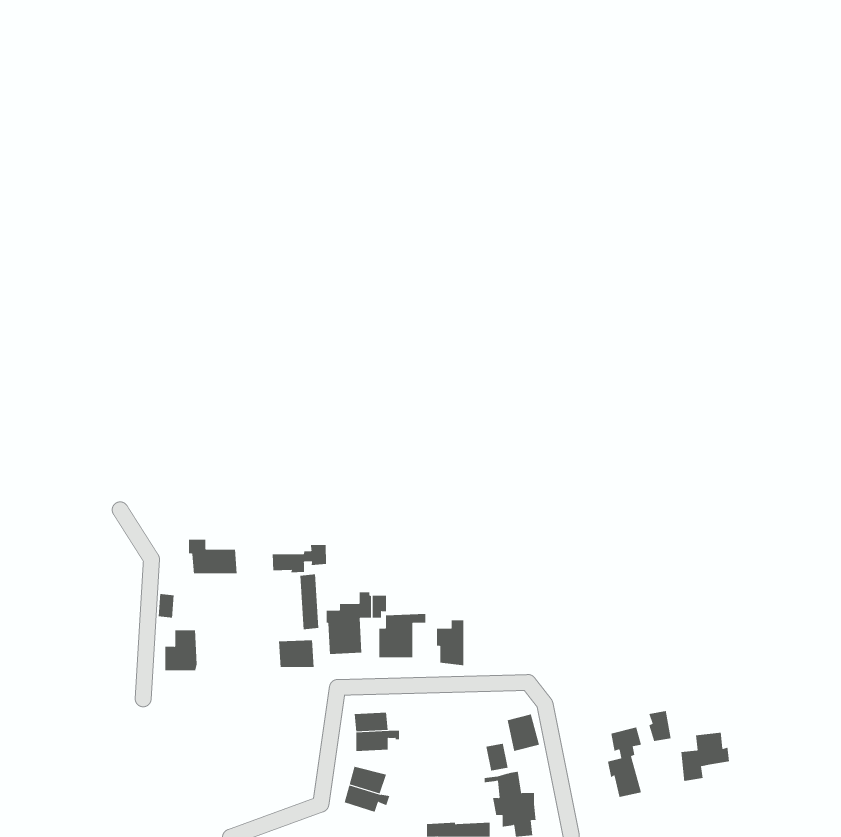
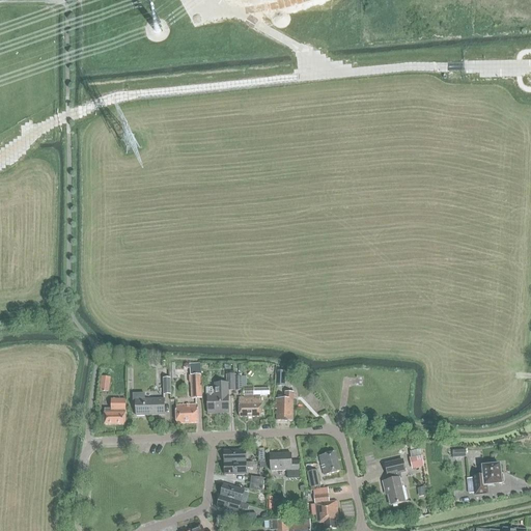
building: [188,539,237,574] -> [133,392,164,414]
building: [272,544,326,573] -> none
building: none -> [270,452,299,477]
building: [680,732,730,781] -> [473,463,504,494]

